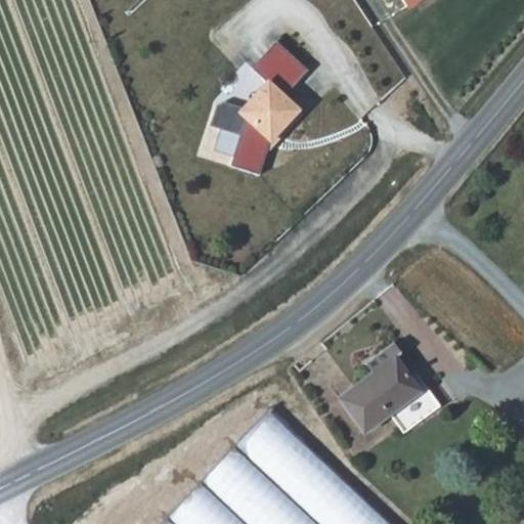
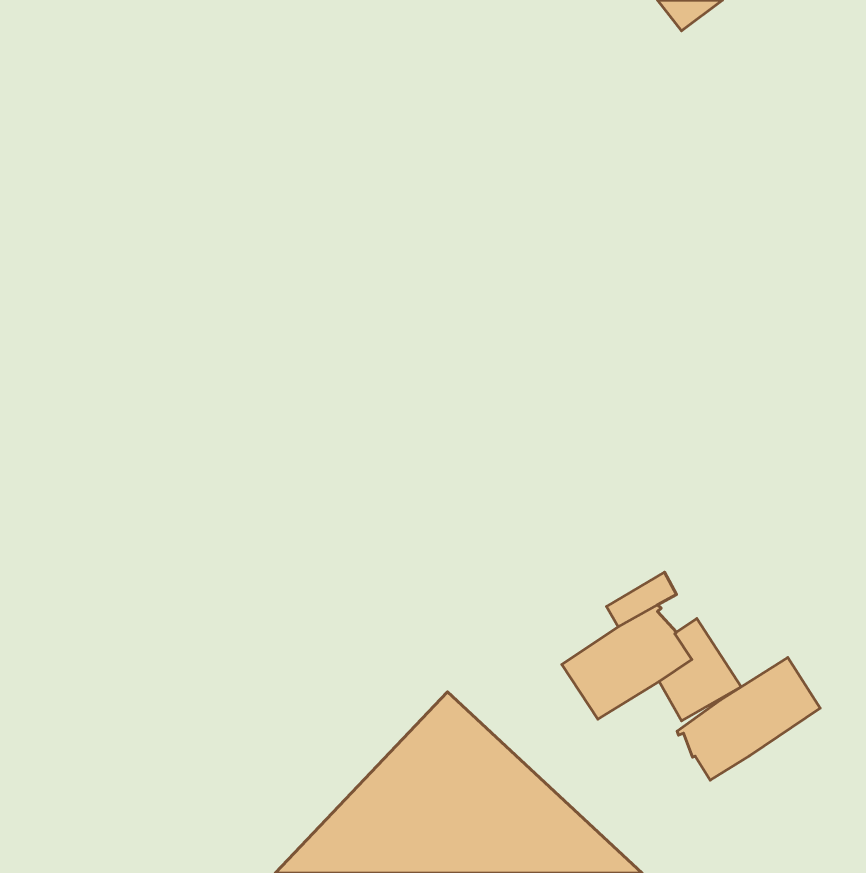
building: [201,41,308,177] -> none
building: none -> [677,657,820,780]

